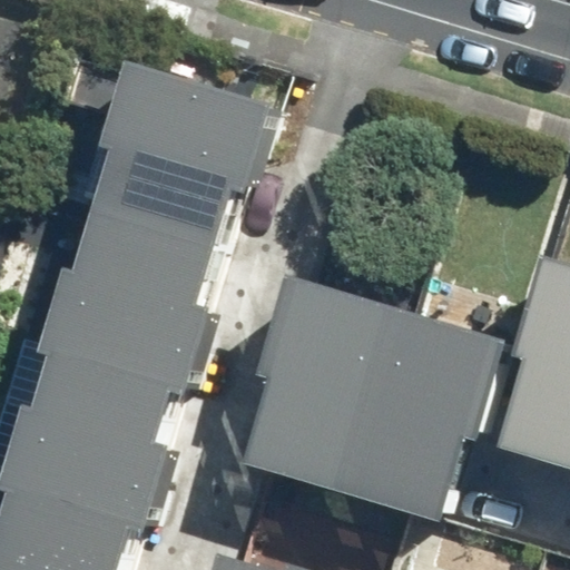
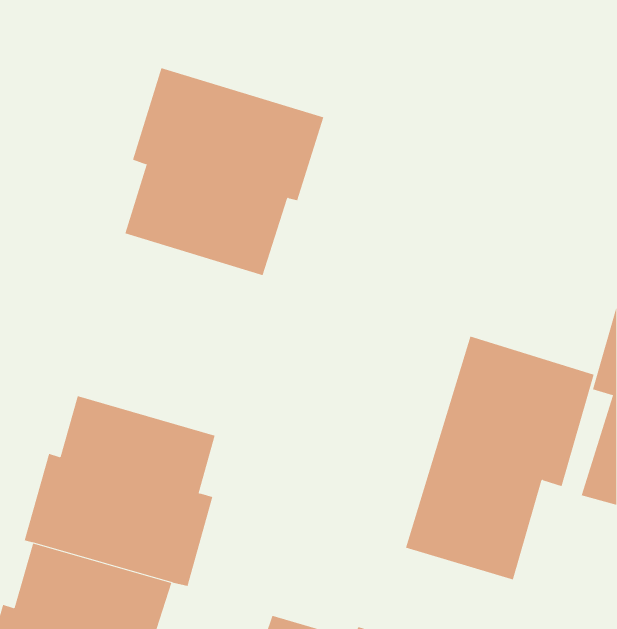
building: [59,216,235,400] -> none
building: [268,274,420,497] -> none

